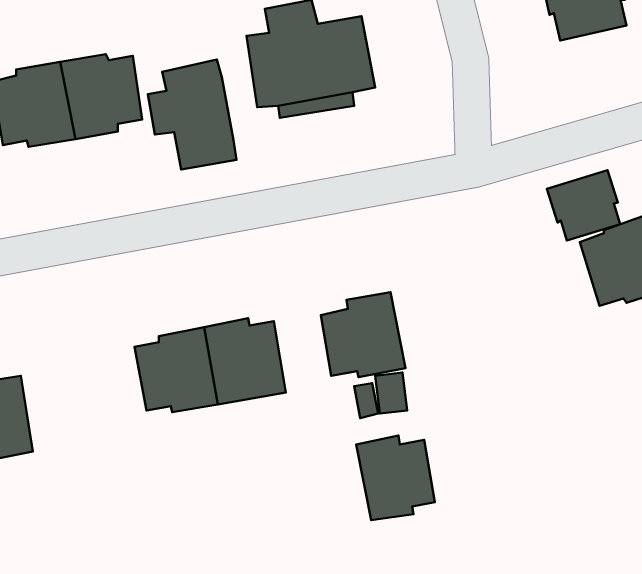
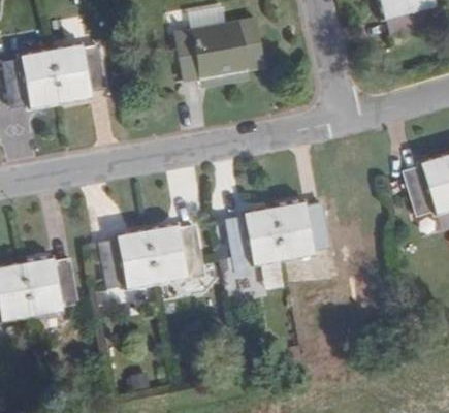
building: [148,60,237,169] -> none
building: [547,170,620,240] -> none
building: none -> [23,257,77,315]
building: [356,435,435,520] -> [275,200,328,258]

